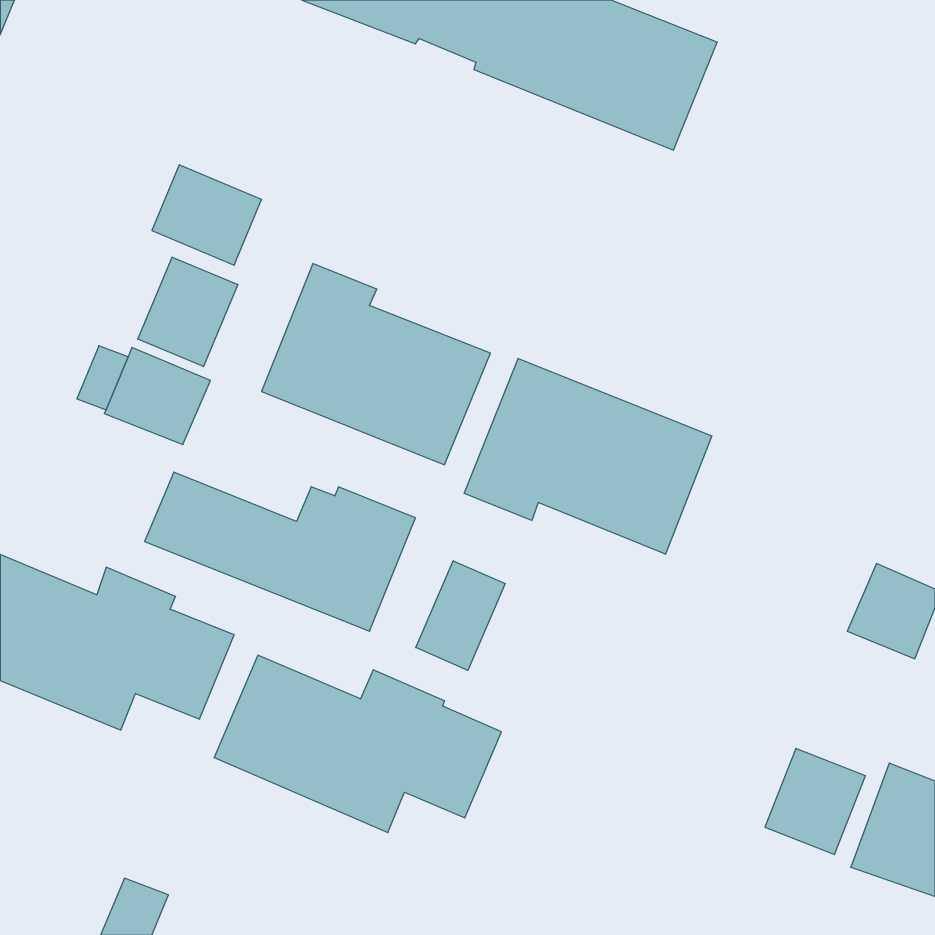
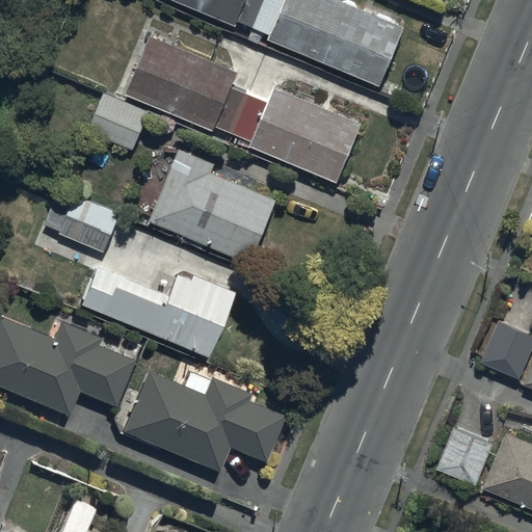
building: none -> [124,36,361,184]
building: [138,257,238,367] -> none
building: [464,358,712,554] -> none
building: [416,561,505,670] -> none

